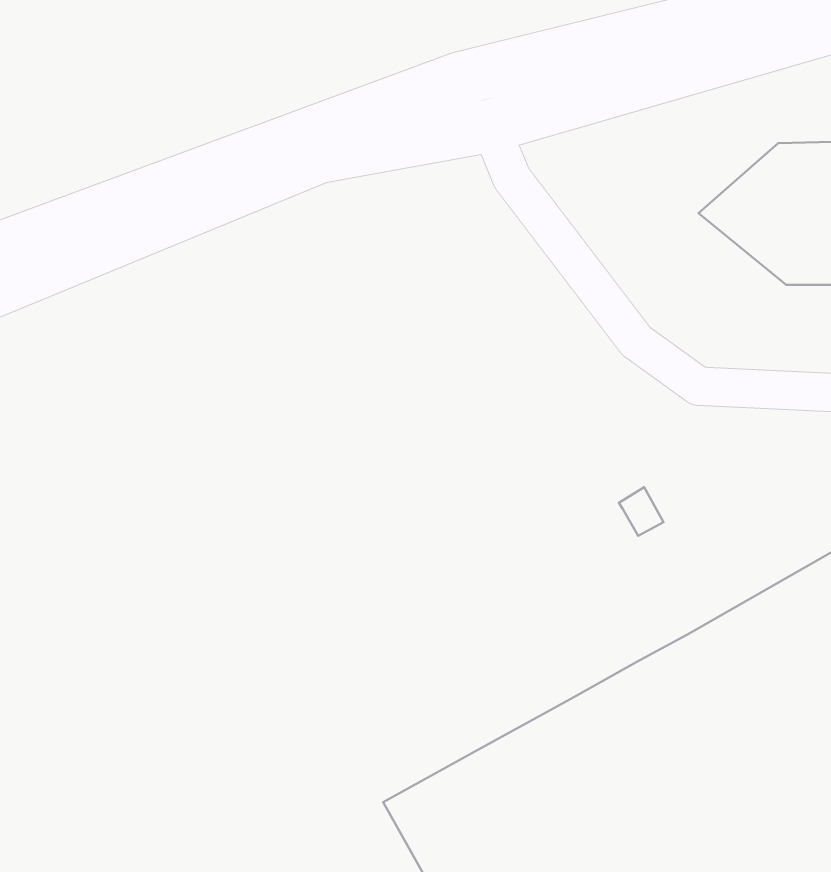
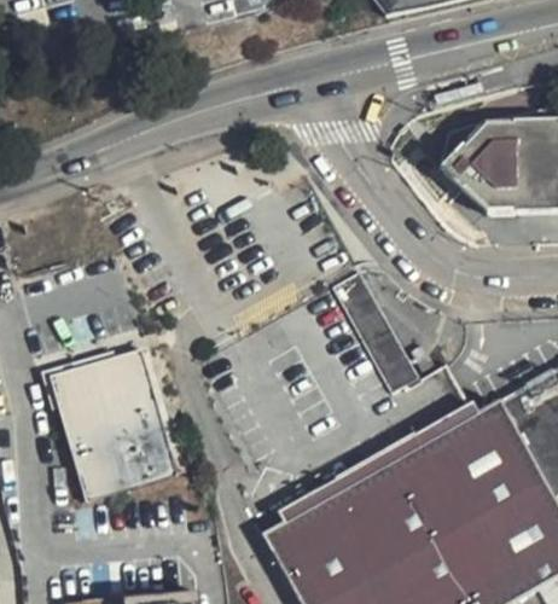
building: none -> [335,271,419,393]
building: none -> [48,350,174,501]

